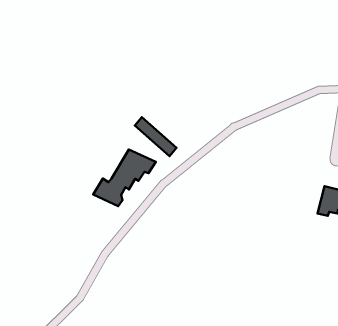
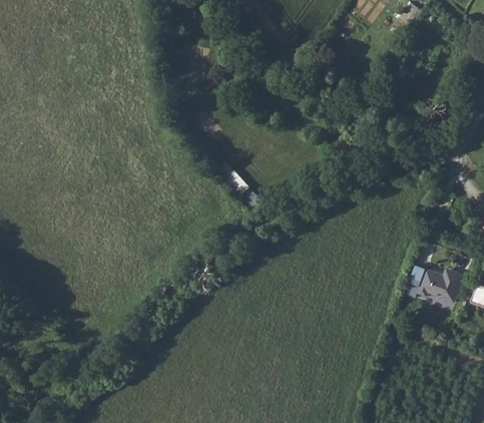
building: [93,149,156,206] -> none

